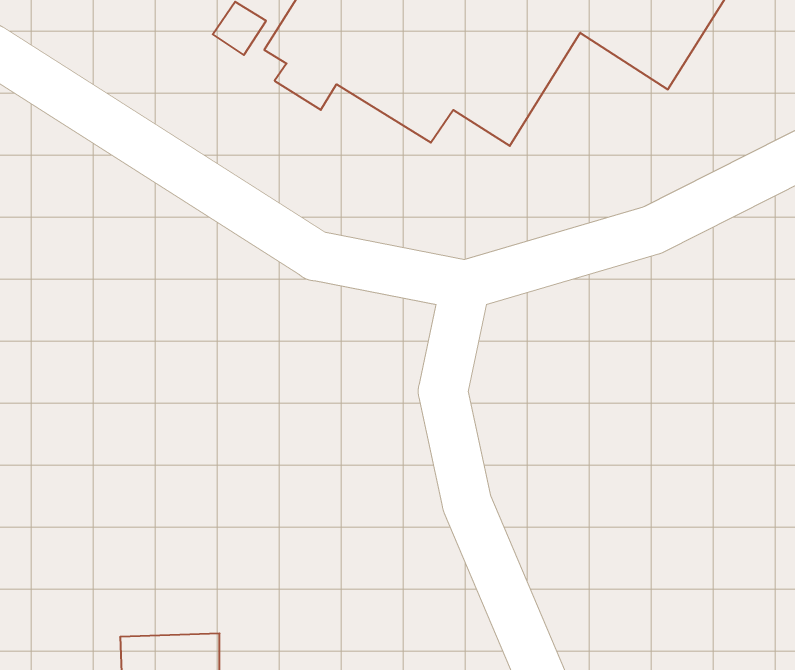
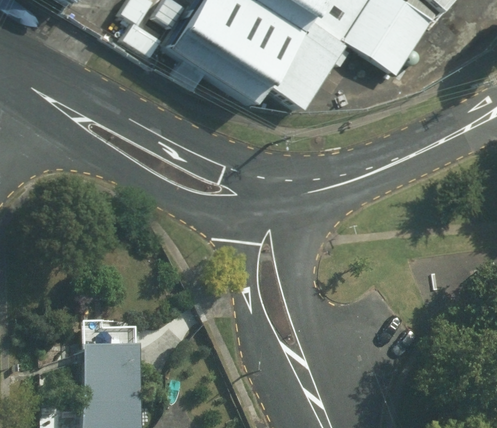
building: none -> [80,336,139,395]

